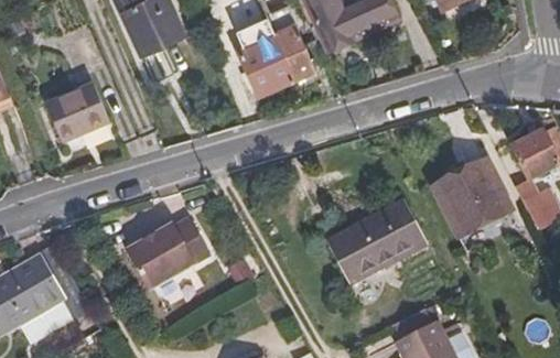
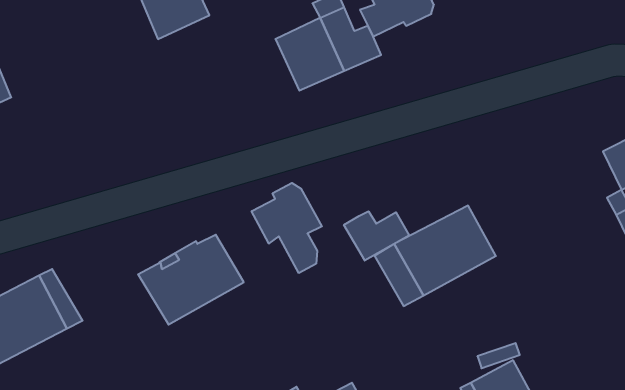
building: [47,85,111,144] -> none
building: [434,161,509,236] -> none
building: none -> [252,183,322,273]
building: none -> [344,211,409,261]

